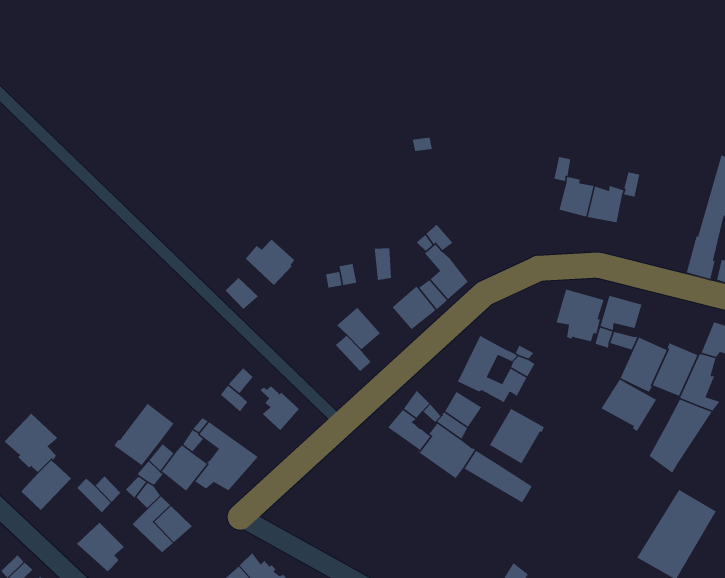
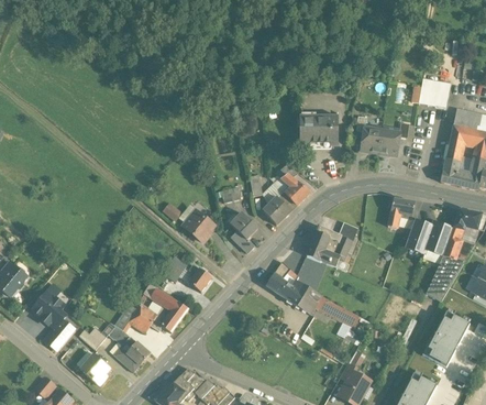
building: none -> [419,76,451,106]
building: none -> [299,113,338,140]
building: [245,239,295,286] -> [183,214,213,242]
building: [555,288,604,342] -> none
building: [600,378,657,432] -> none
building: [113,402,175,466] -> none
building: [489,408,545,465] -> none

